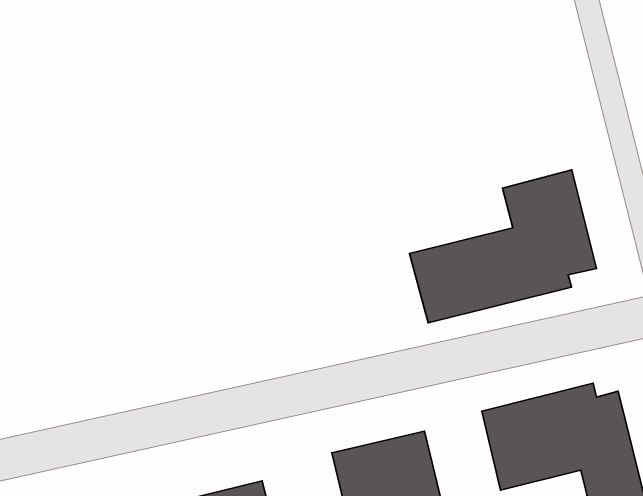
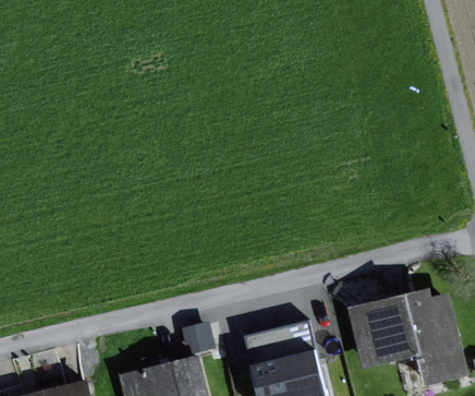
building: [409,170,596,323] -> none

